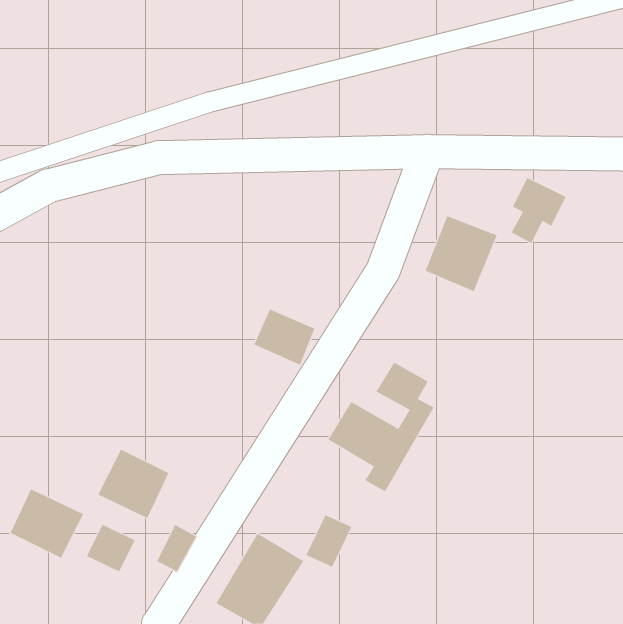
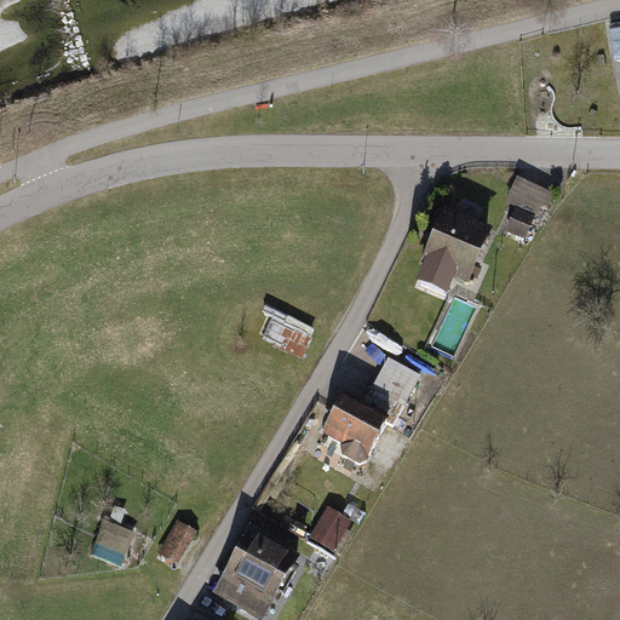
building: [97,449,169,519] -> none
building: [10,488,84,559] -> none

